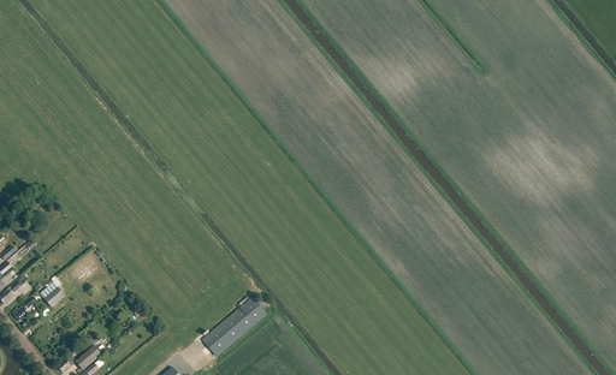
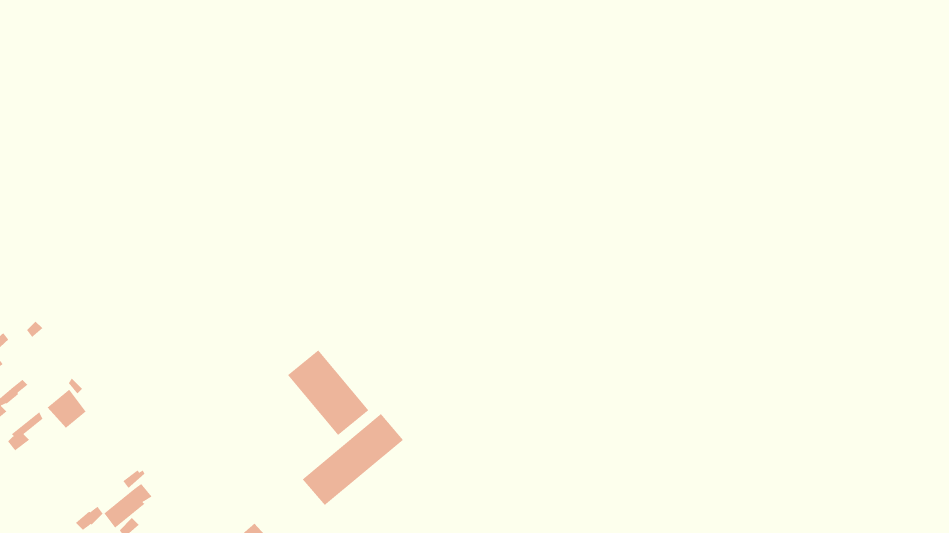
building: none -> [287,349,369,436]

